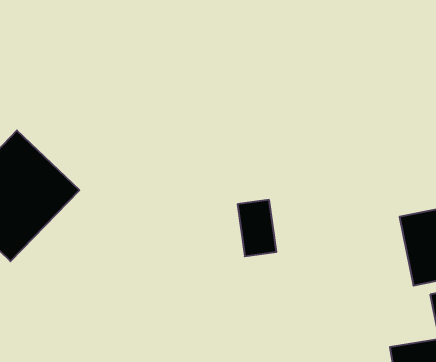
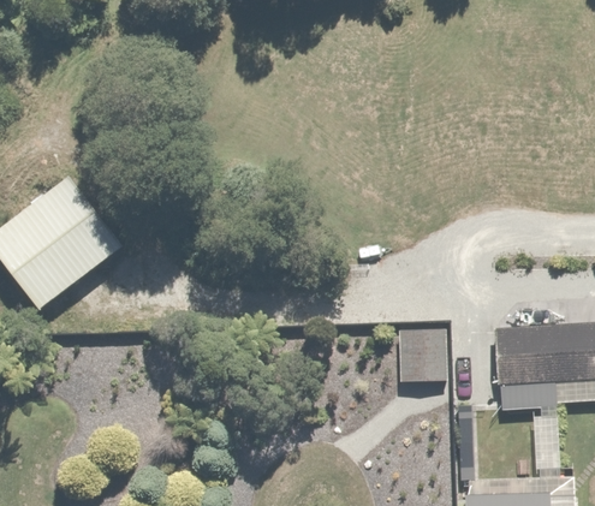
building: [238,200,276,256] -> [405,328,442,389]

